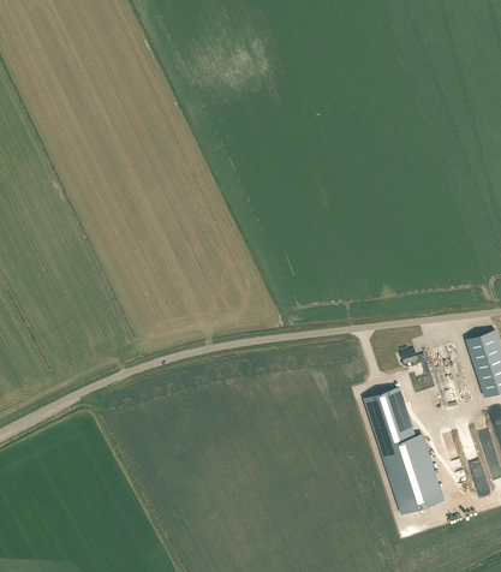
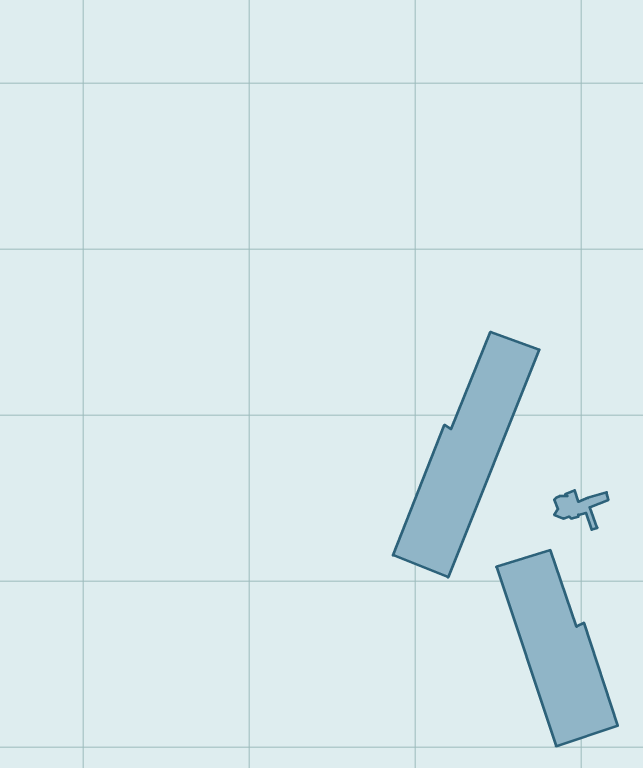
building: none -> [393,332,539,577]

